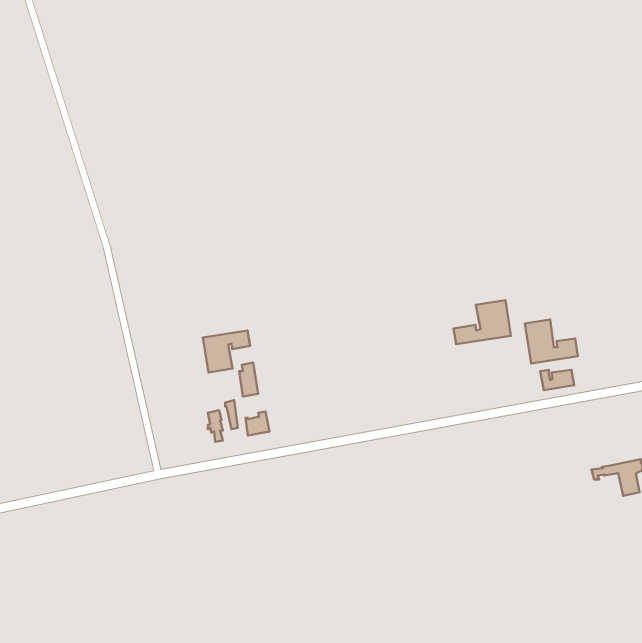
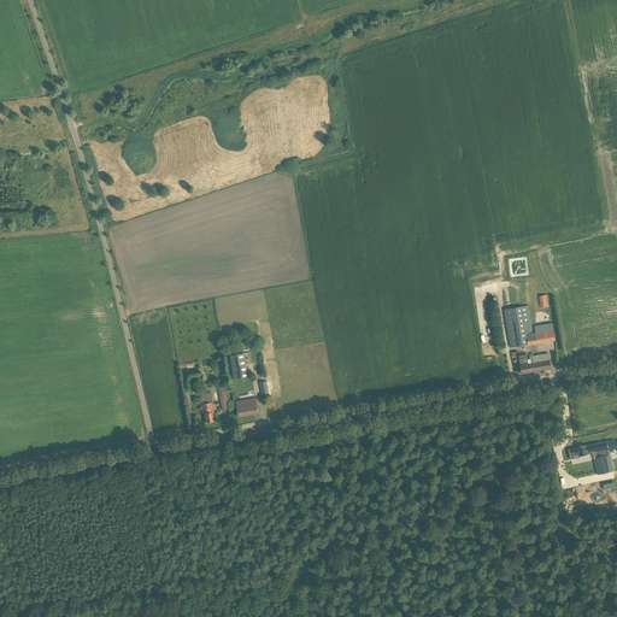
building: [454,300,511,344] -> none
building: [203,331,250,373] -> none

